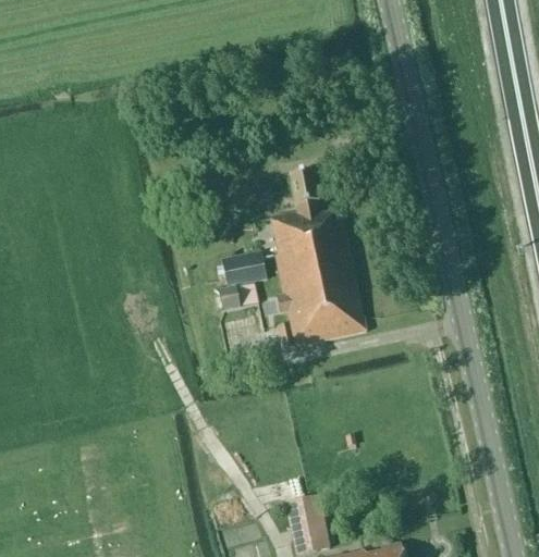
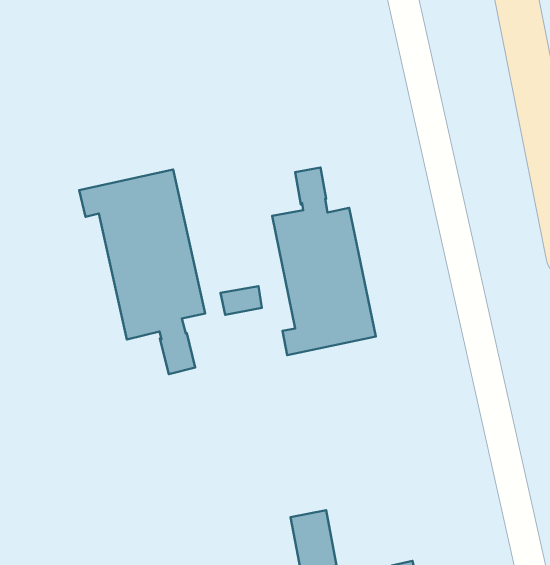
building: none -> [79,169,205,374]
building: [222,251,268,286] -> none

